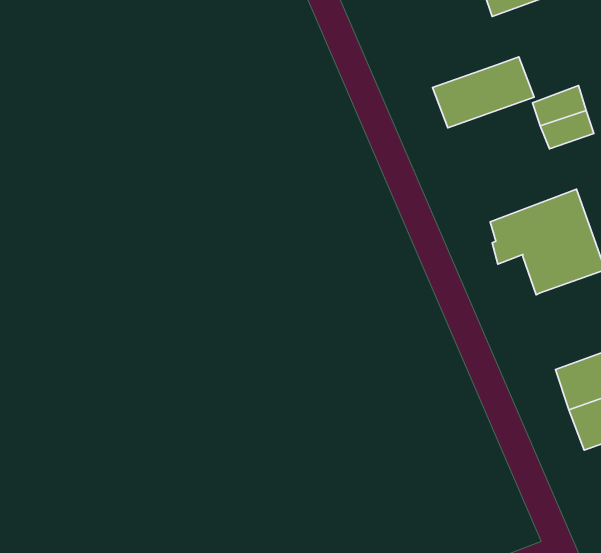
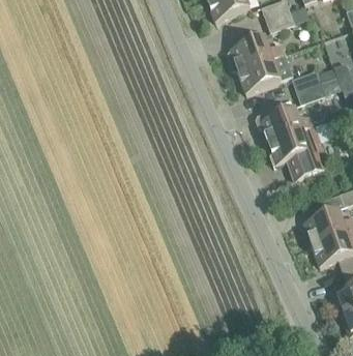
building: none -> [229,36,287,70]
building: none -> [255,109,315,143]

